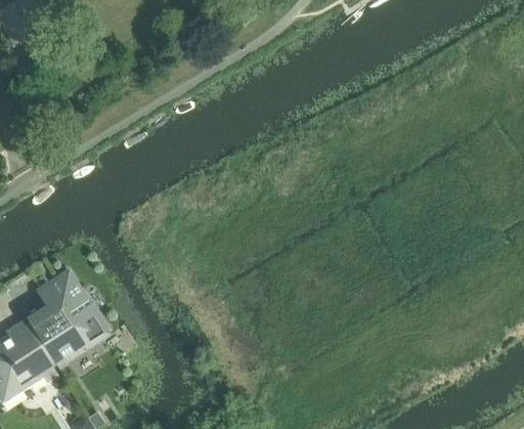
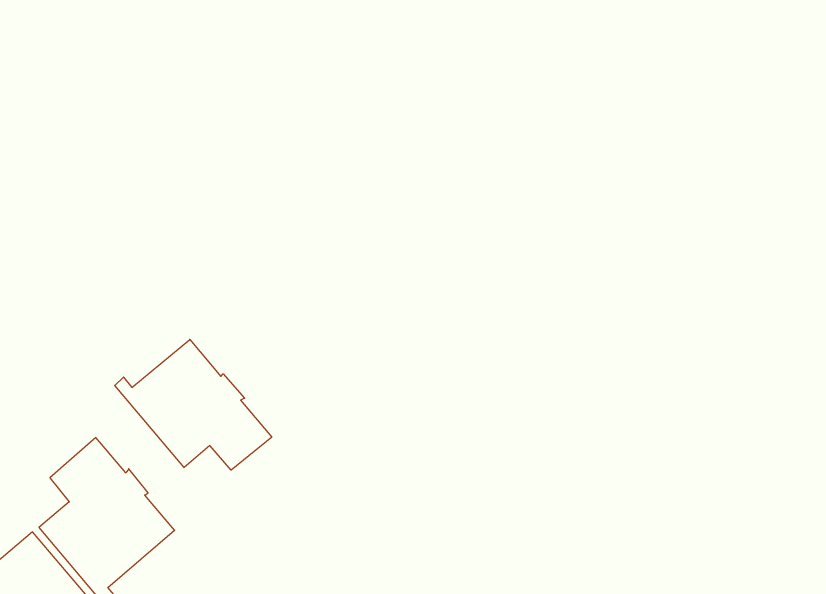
building: none -> [115,339,272,470]

